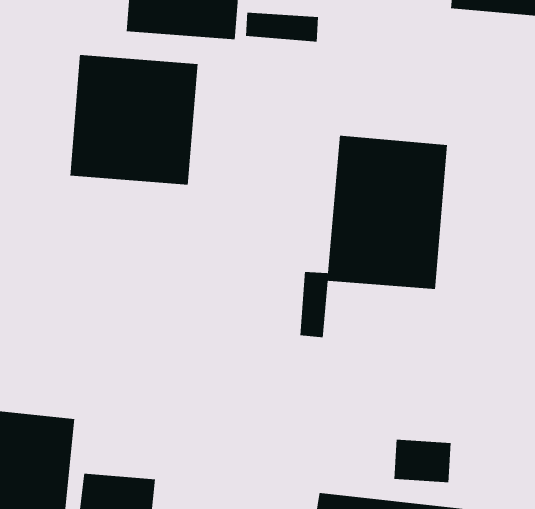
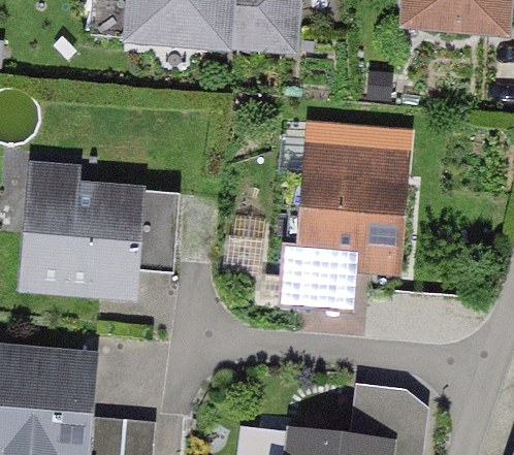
building: [70,54,198,185] -> none
building: none -> [26,193,179,291]

